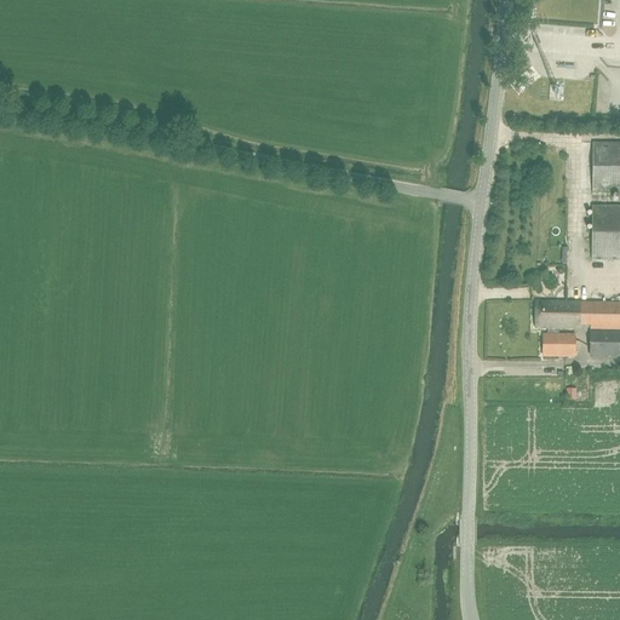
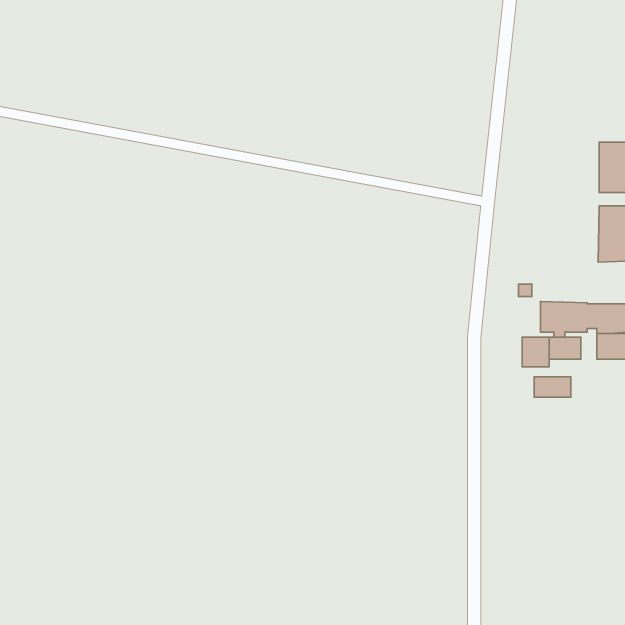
building: none -> [522,337,549,367]
building: none -> [534,377,571,397]

